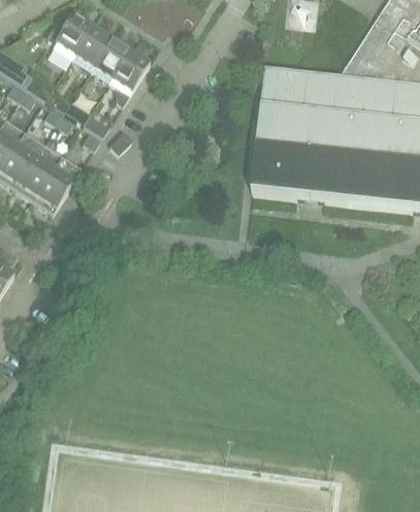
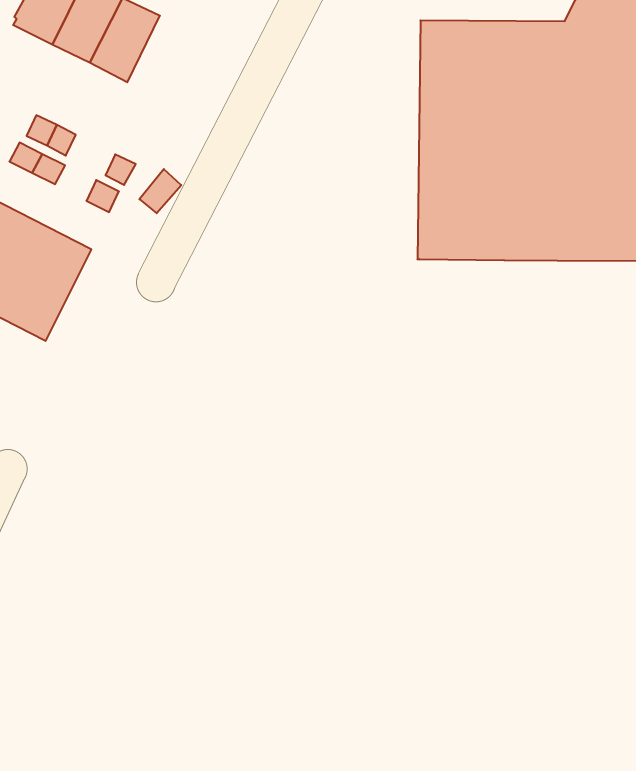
building: [109,47,150,103] -> none

